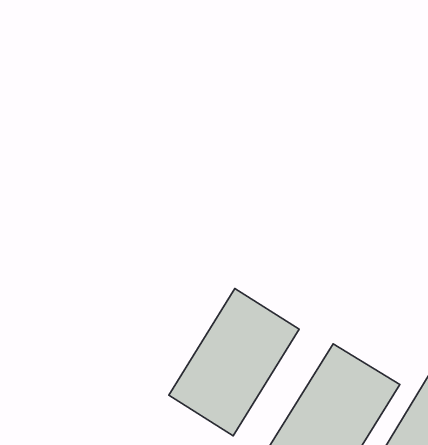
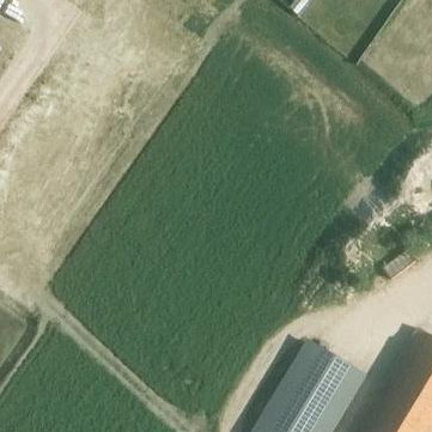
building: [169,289,299,436] -> none

